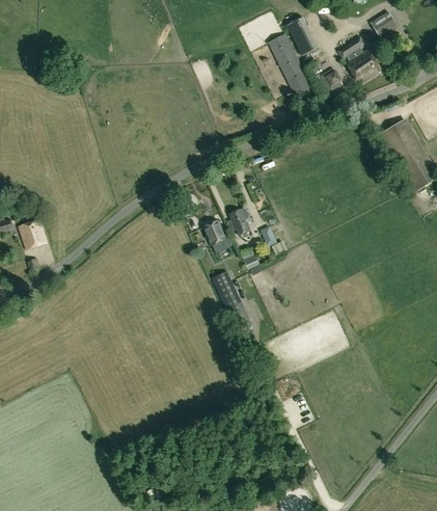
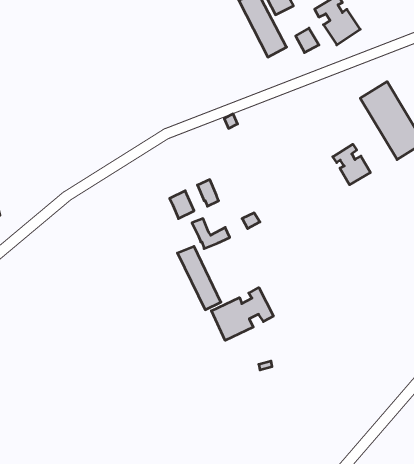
building: none -> [333,144,370,185]
building: none -> [211,288,273,340]

